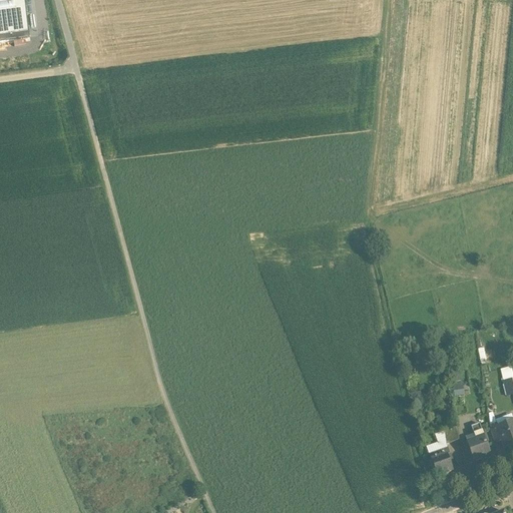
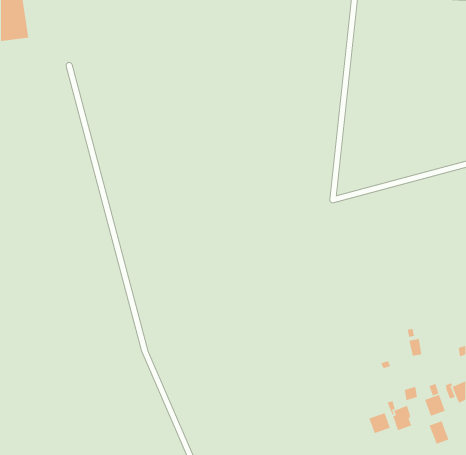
building: none -> [368,412,391,434]
building: none -> [429,420,449,445]

